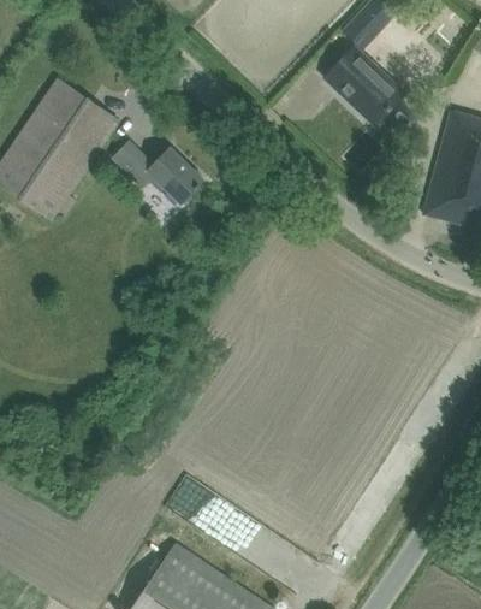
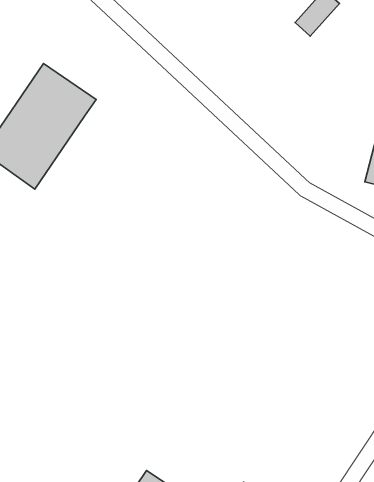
building: [325,46,403,123] -> none
building: [112,141,203,203] -> none

